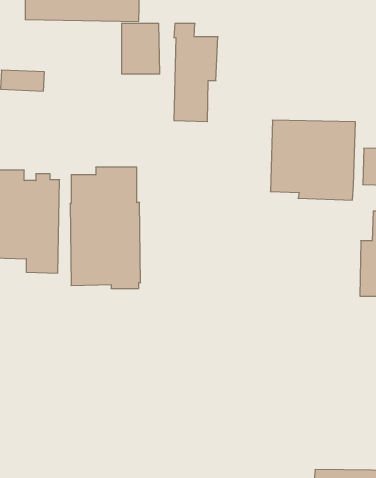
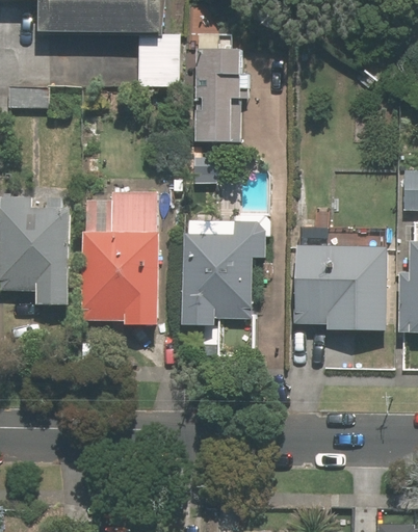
building: [270,120,355,200] -> [296,244,389,331]
building: none -> [182,216,266,321]

